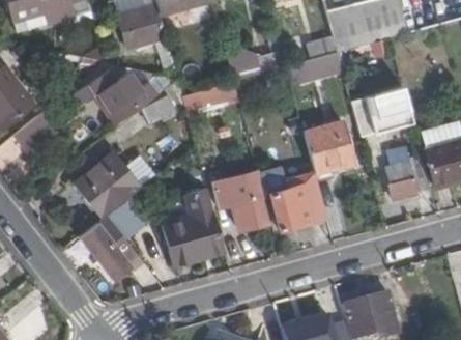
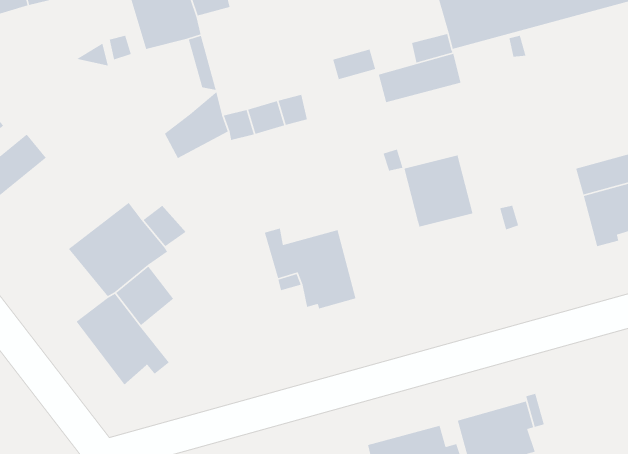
building: [75,68,157,122] -> none
building: [350,87,413,139] -> none
building: [386,158,431,197] -> none
building: [268,168,326,228] -> none
building: [162,190,224,266] -> none

